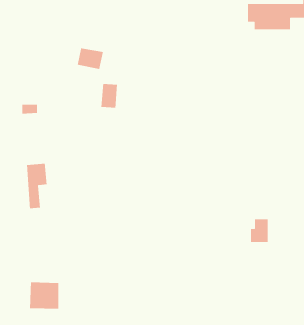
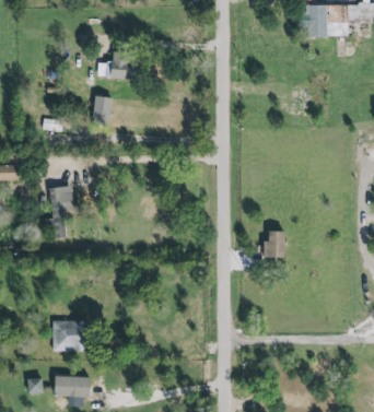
building: [101,83,118,108] -> [92,97,112,126]
building: [250,219,269,243] -> [266,229,287,257]

